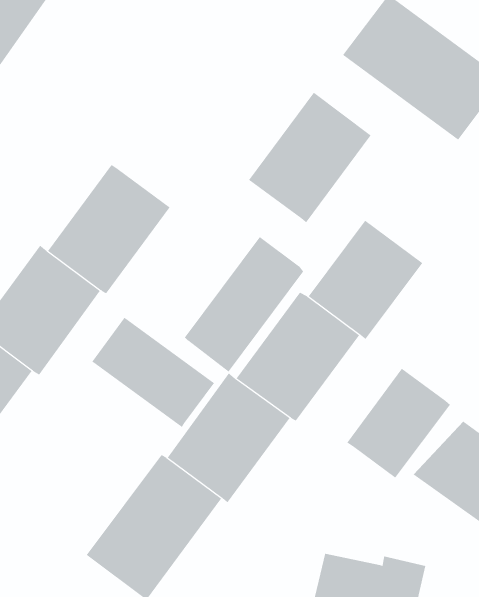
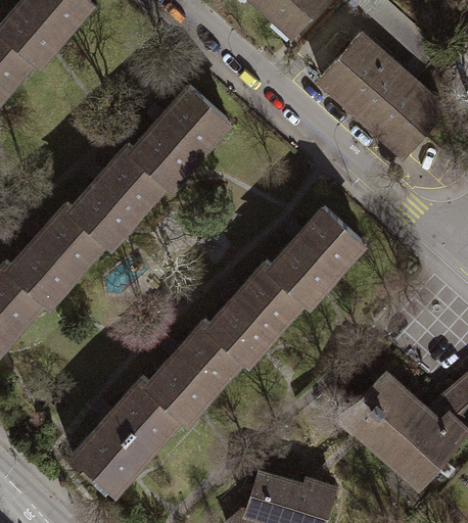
building: [248,92,372,223] -> [132,88,232,190]
building: [184,236,304,373] -> none
building: [92,317,215,428] -> none
building: [346,368,451,478] -> none

